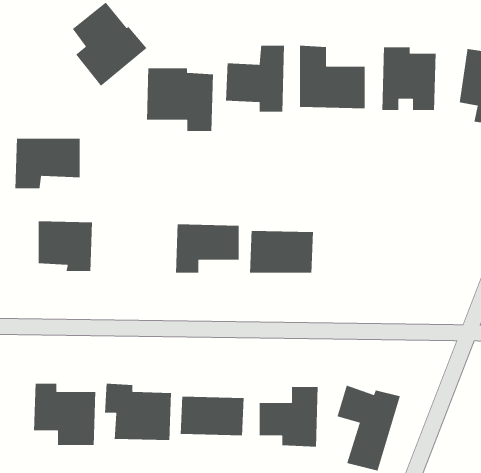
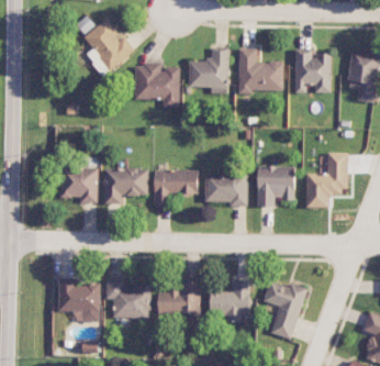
building: [14,138,81,189] -> [103,169,148,204]
building: none -> [306,153,348,208]
building: none -> [257,166,295,207]

